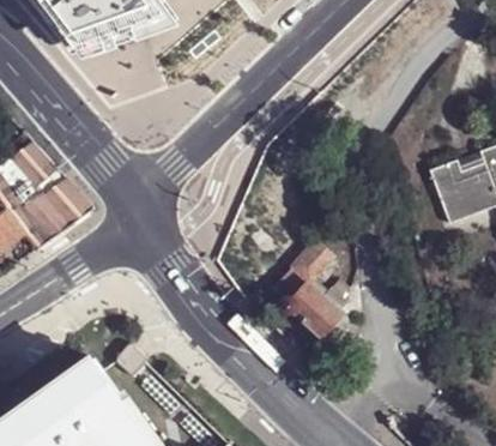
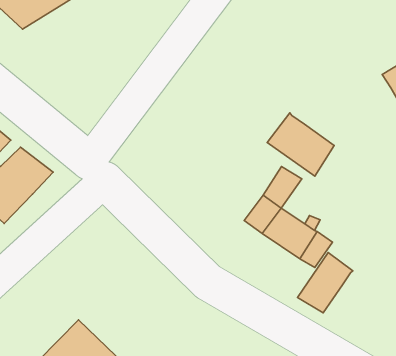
building: none -> [267,113,334,176]
building: none -> [297,252,353,313]

